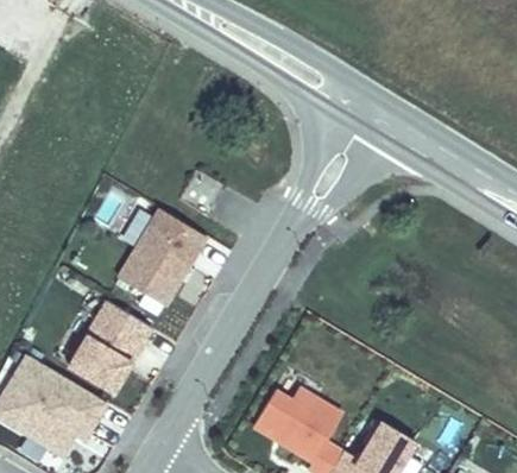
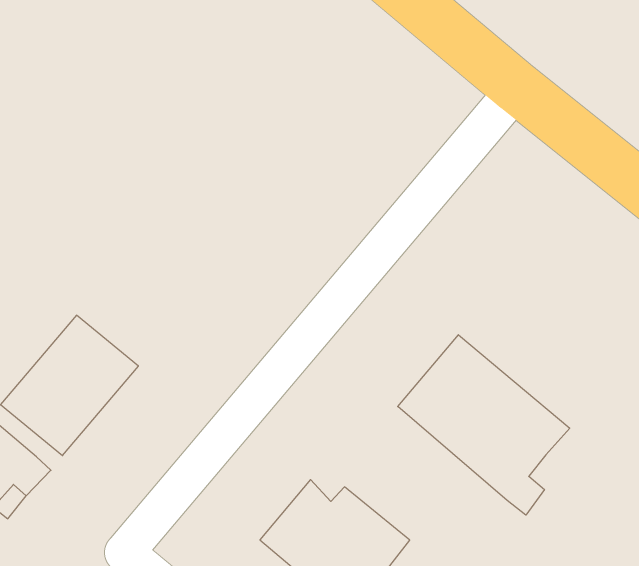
building: [112,204,206,304] -> none
building: none -> [398,335,570,515]

